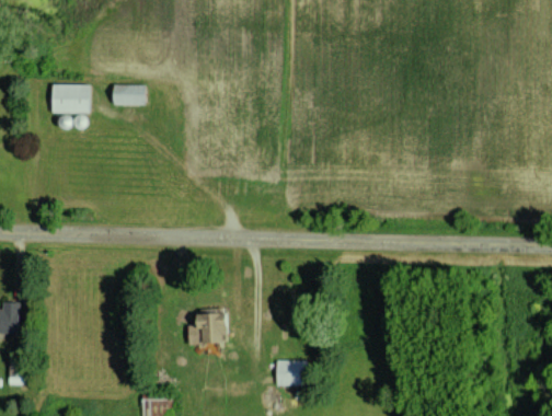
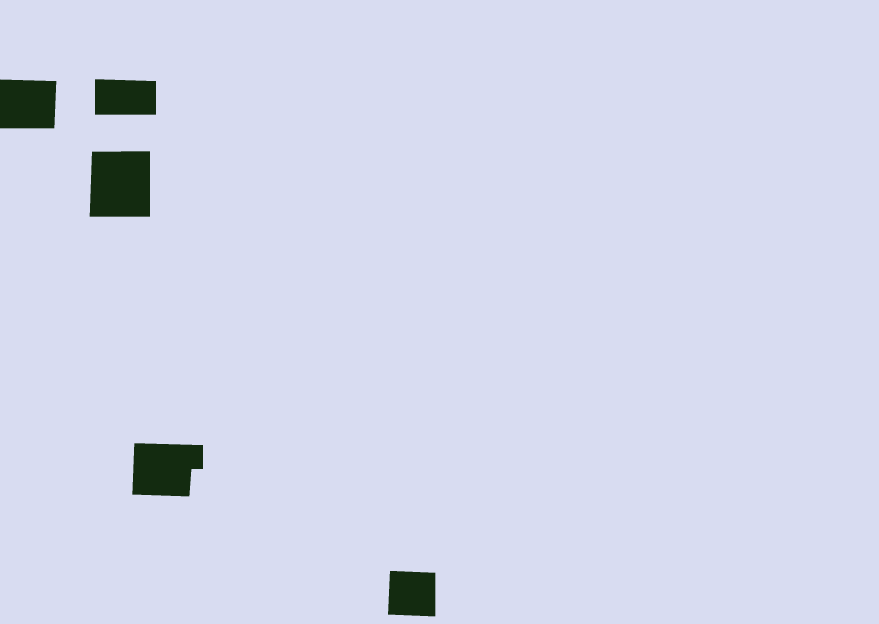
building: none -> [89,151,151,218]
building: [188,313,229,344] -> [132,442,204,497]

